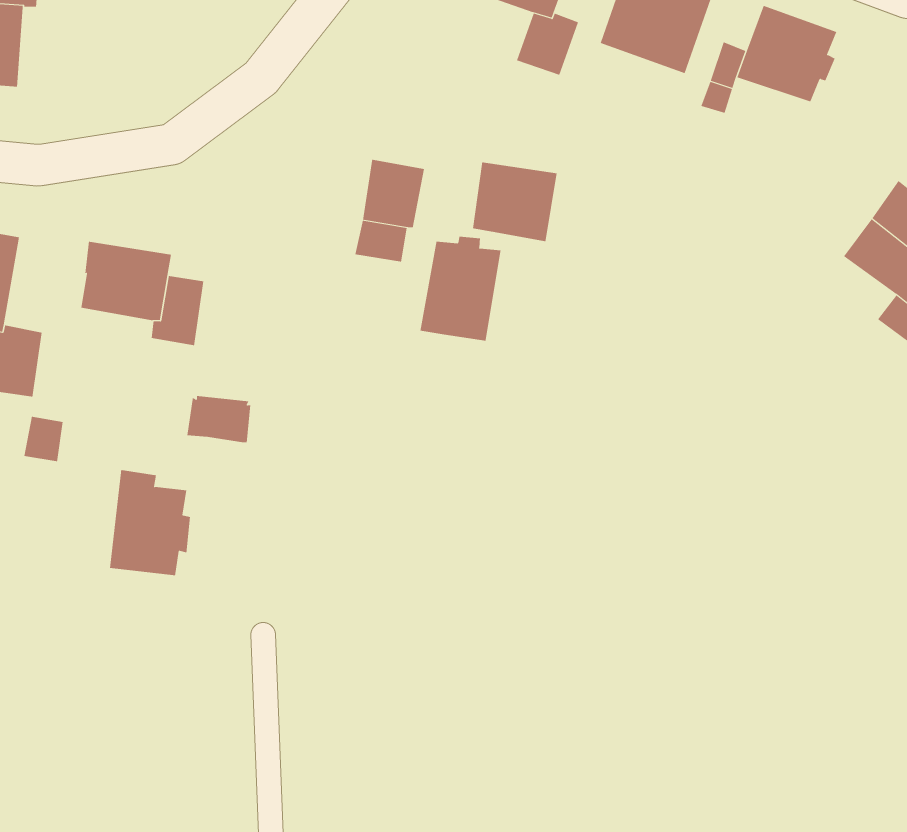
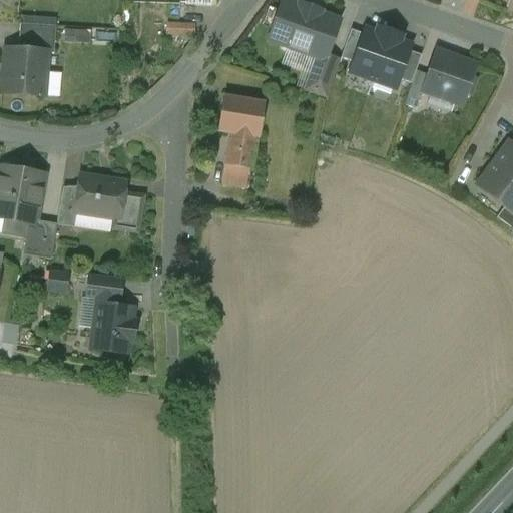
building: [472,162,558,242] -> [218,94,264,136]
building: [420,236,501,341] -> none
building: none -> [56,188,79,225]
building: [187,395,251,443] -> [86,273,120,298]

